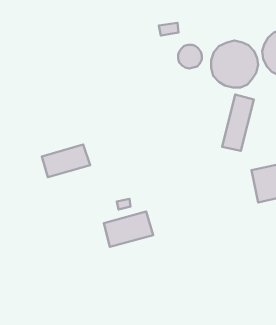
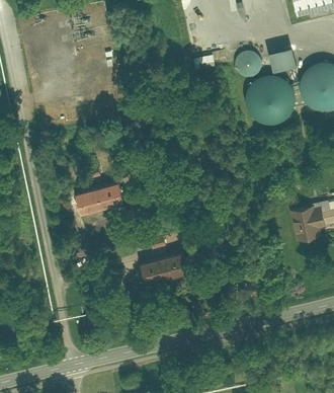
building: none -> [268,50,297,81]
building: [178,45,202,68] -> [237,53,261,77]
building: [222,94,254,151] -> none

